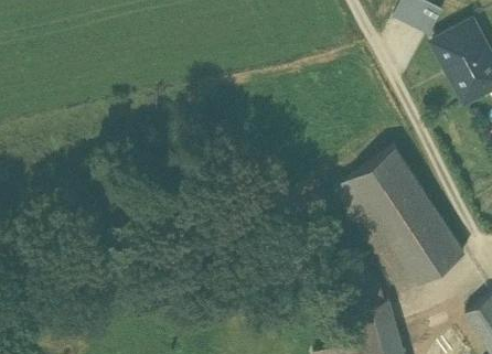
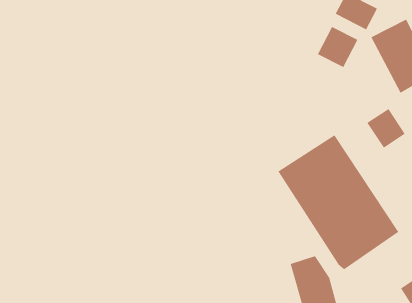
building: none -> [317,26,358,68]
building: none -> [367,108,406,149]

